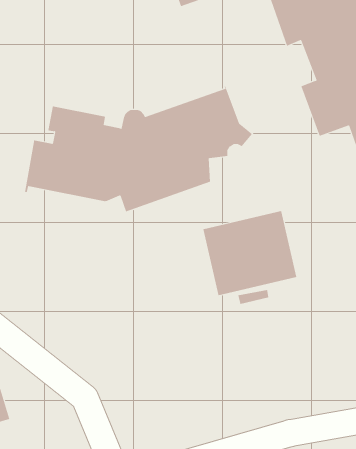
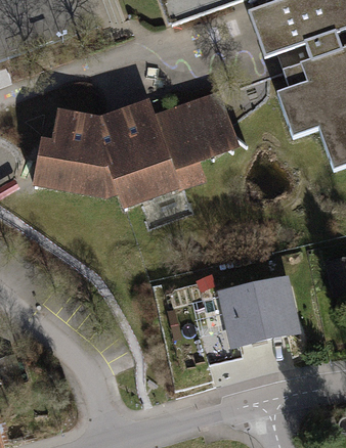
building: [203,210,297,296] -> [217,272,300,347]

